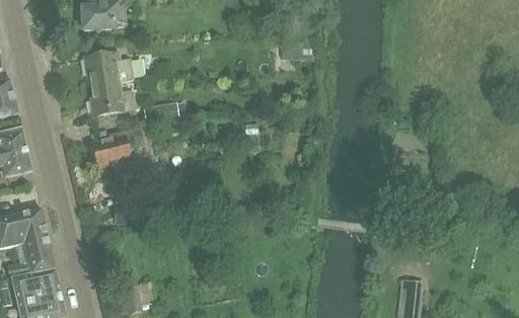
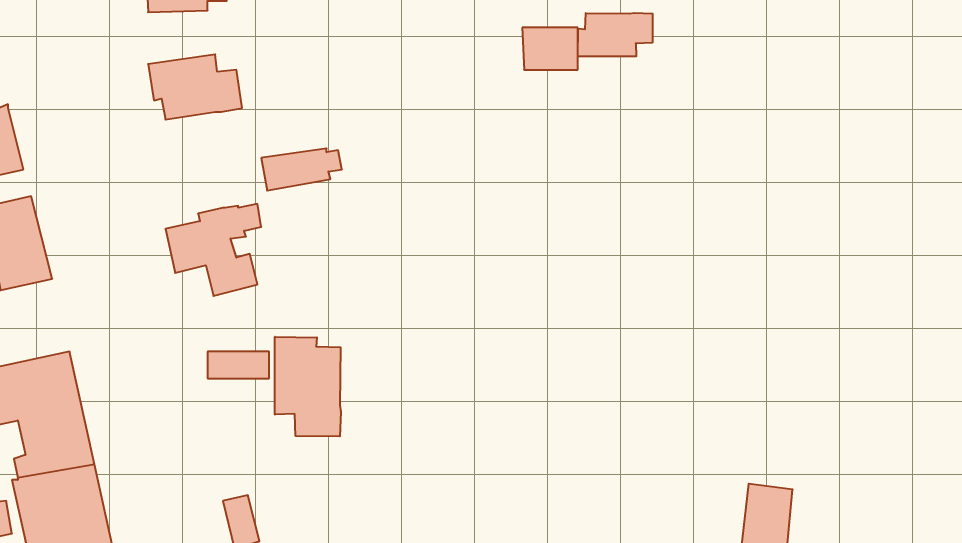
building: none -> [578,13,653,56]
building: [89,81,133,115] -> none
building: none -> [275,337,341,436]

